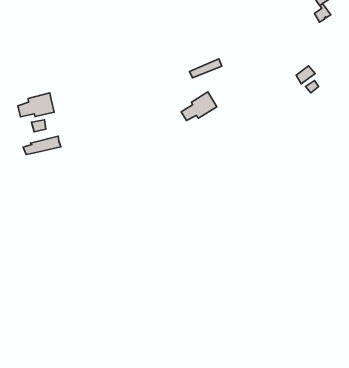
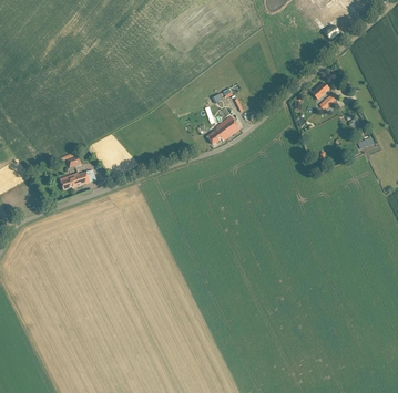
building: [18,93,54,117] -> none

